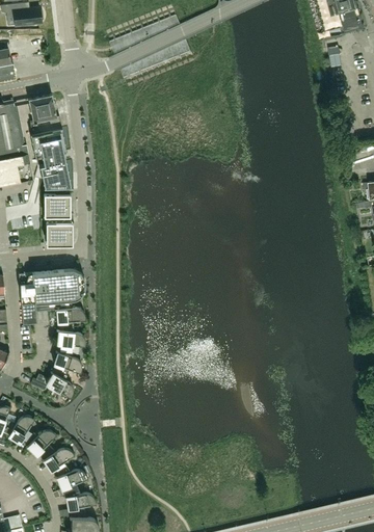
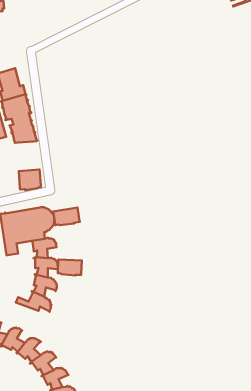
building: [43,193,69,216] -> none
building: none -> [53,208,80,225]
building: none -> [58,259,82,275]

